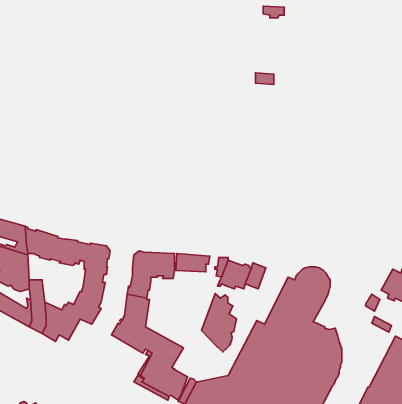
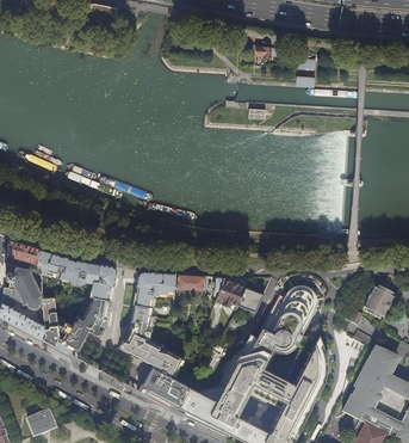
building: [201,294,237,352] -> none

